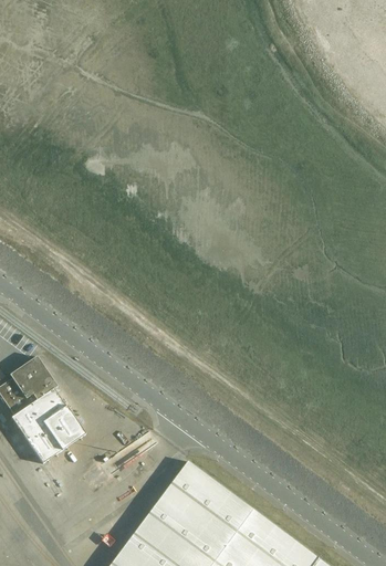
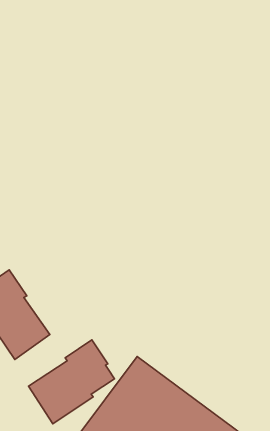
building: none -> [29,340,114,424]

